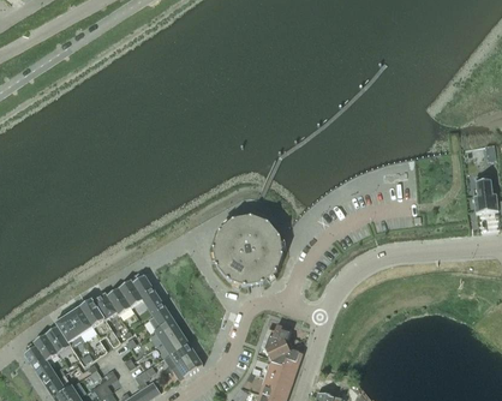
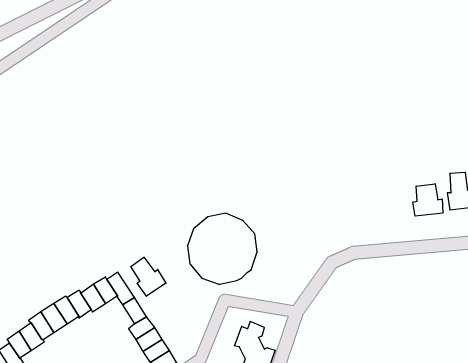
building: none -> [413,184,443,216]
building: none -> [131,257,166,296]

